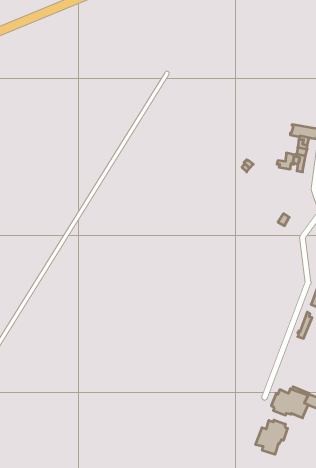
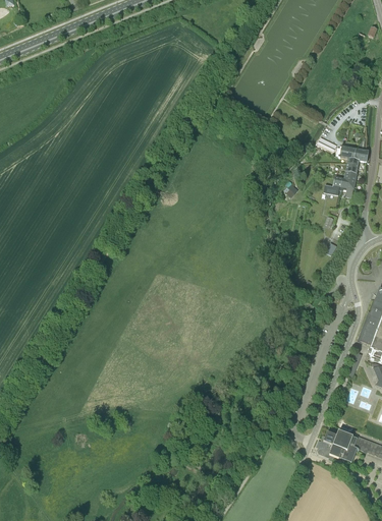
building: [256,420,288,454] -> none

